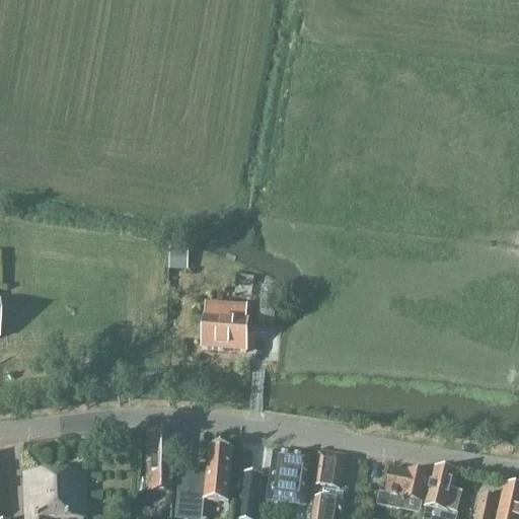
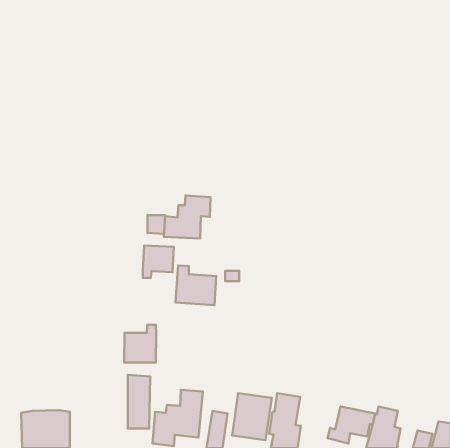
building: none -> [164,195,210,238]
building: none -> [143,245,174,278]
building: none -> [124,325,156,362]

